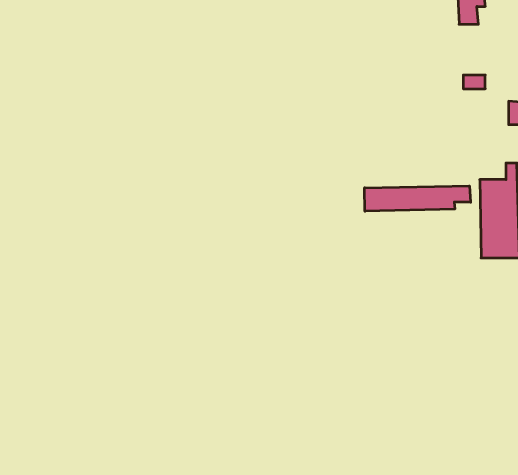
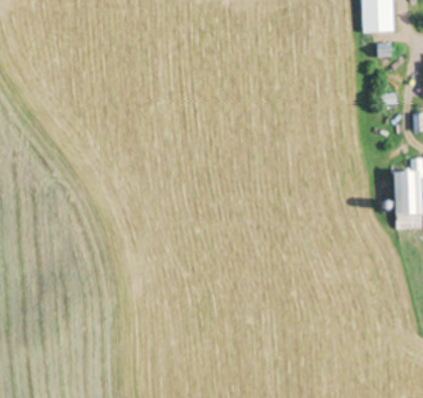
building: [365,186,471,211] -> none

